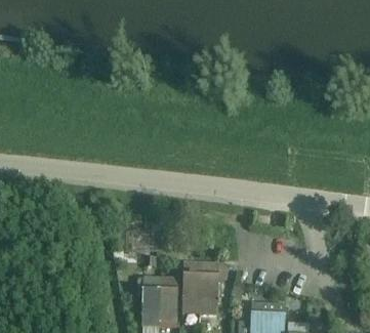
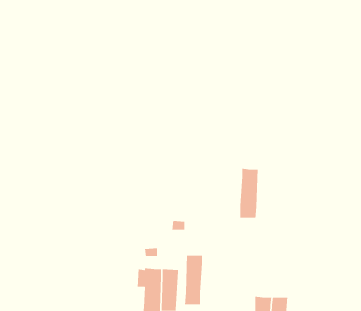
building: [199,268,217,318] -> [239,168,258,218]

